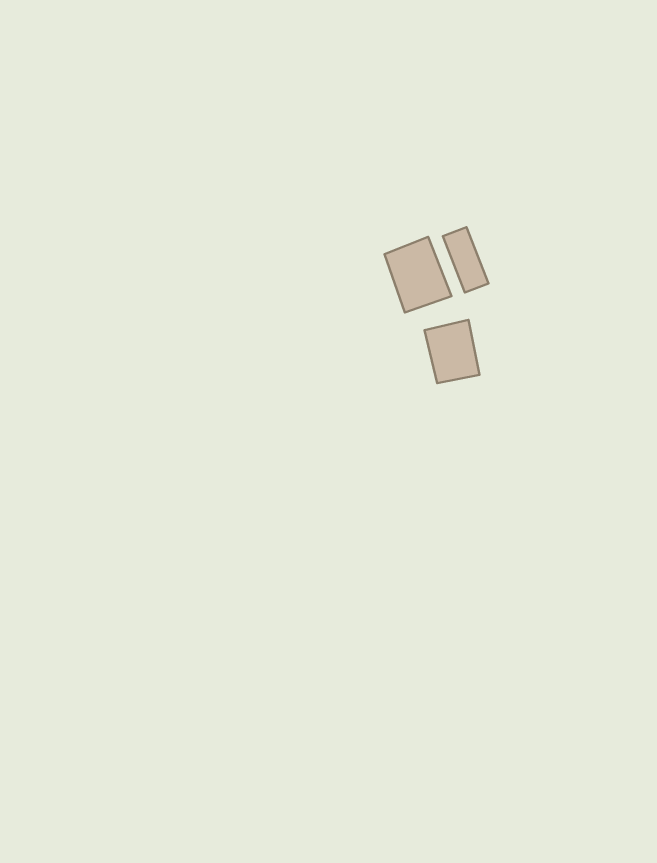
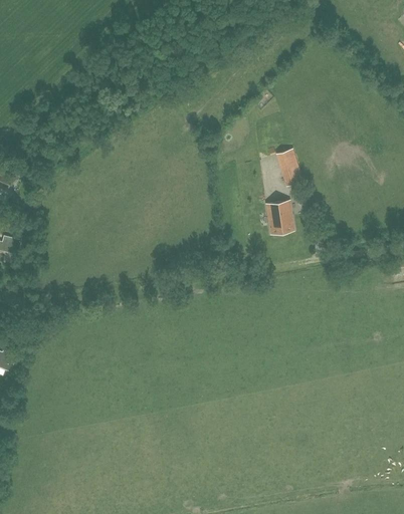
building: [384,237,452,313] -> none

